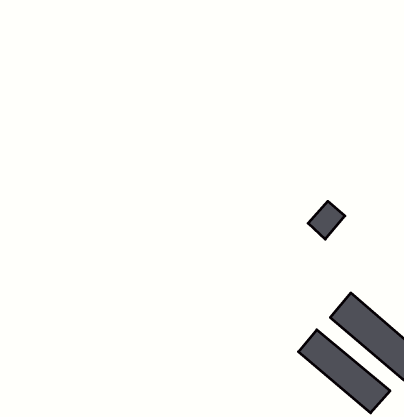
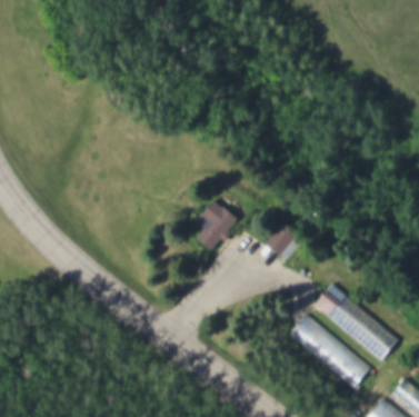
building: [308,201,345,239] -> [267,222,300,257]
building: none -> [198,198,239,251]

